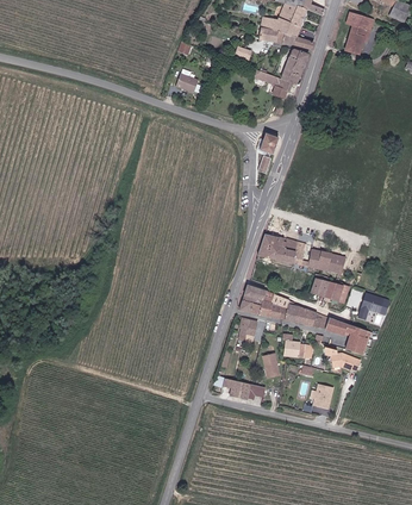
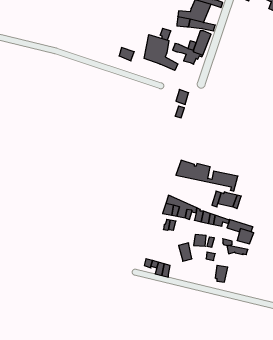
building: [344,11,374,55] -> none
building: none -> [144,35,178,70]
building: [357,291,391,319] -> none

